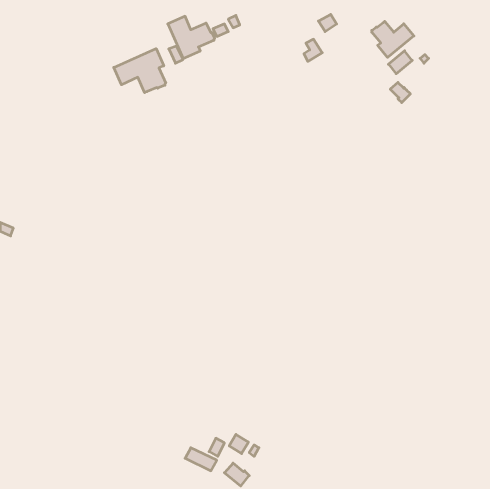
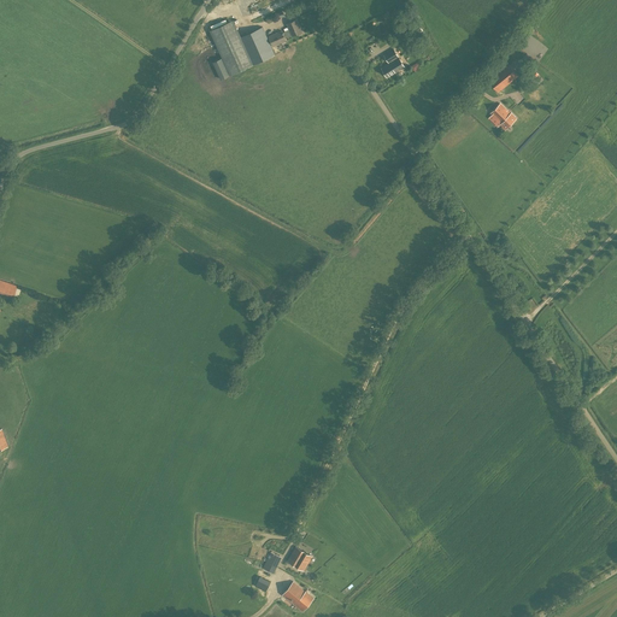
building: [372,21,414,57] -> none
building: [114,49,166,93] -> none

